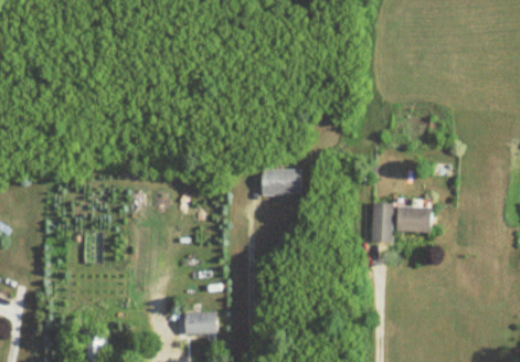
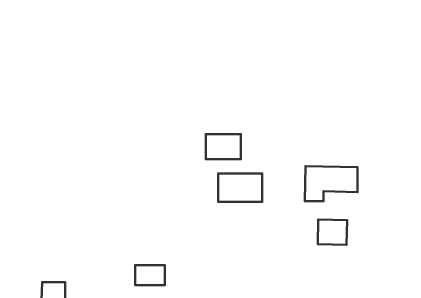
building: none -> [218,173,262,202]
building: none -> [318,220,347,245]

